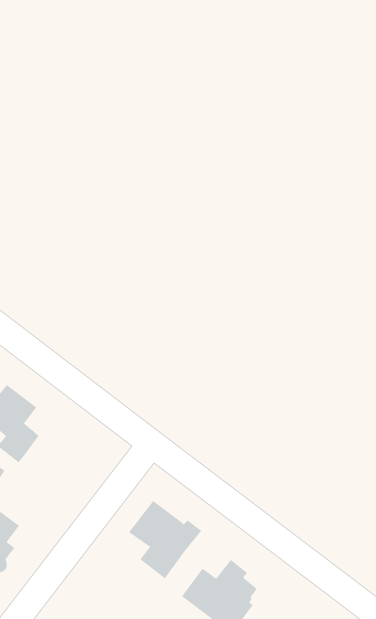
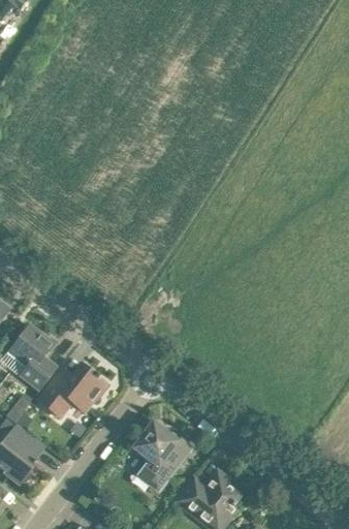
building: none -> [37,365,105,417]

